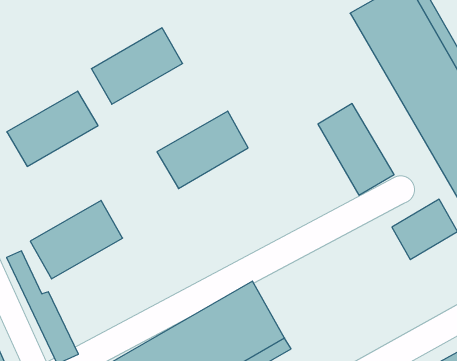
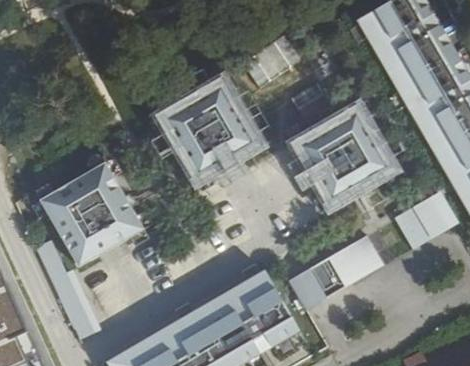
building: [91,28,183,104] -> [157,77,242,148]
building: [7,91,98,166] -> [39,161,124,231]
building: none -> [291,122,364,208]
building: none -> [288,234,384,309]

